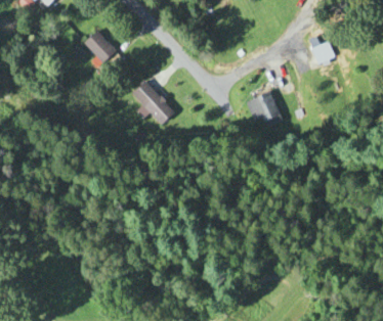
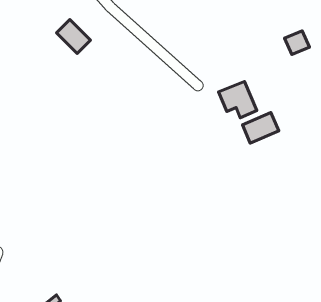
building: [132,80,176,125] -> none
building: none -> [242,113,279,143]

